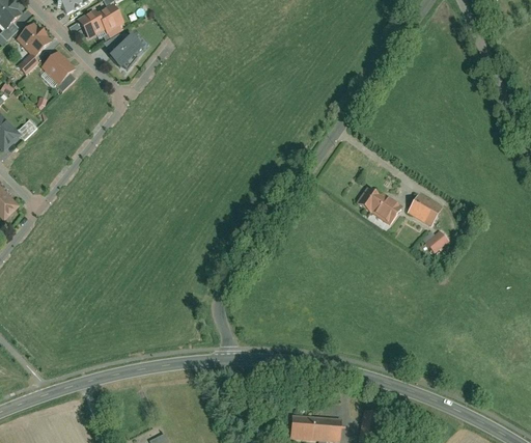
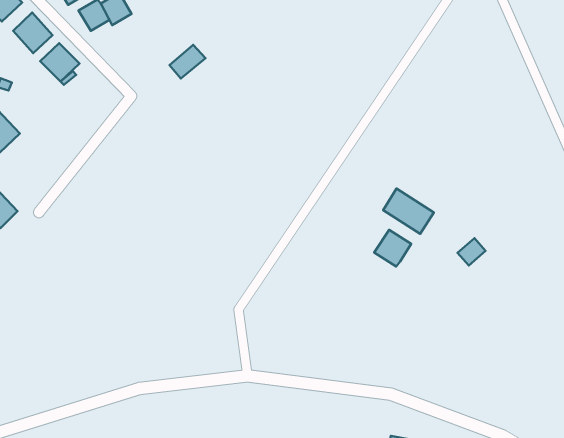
building: [109,30,142,61] -> [169,45,206,79]
building: [406,193,442,225] -> none
building: none -> [374,230,411,267]

